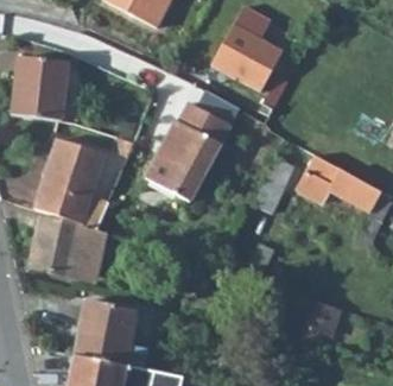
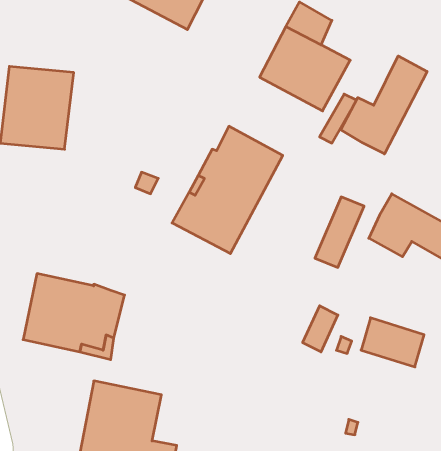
building: none -> [341,56,427,154]
building: [34,138,109,229] -> none
building: [292,295,341,333] -> [361,318,424,367]

